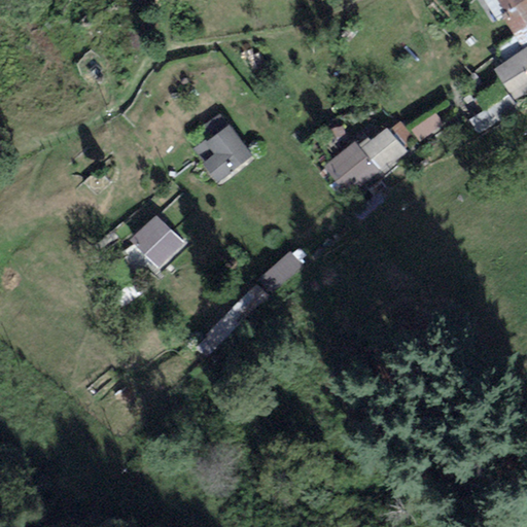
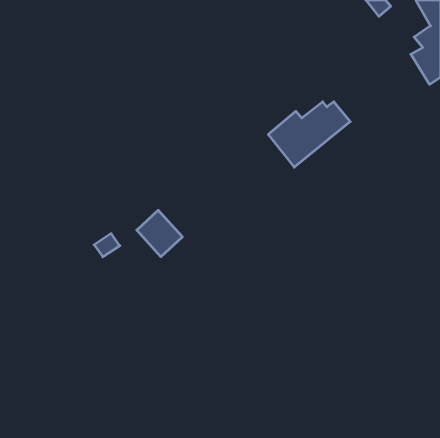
building: [195,120,253,181] -> none
building: [131,213,185,269] -> [137,210,182,257]

